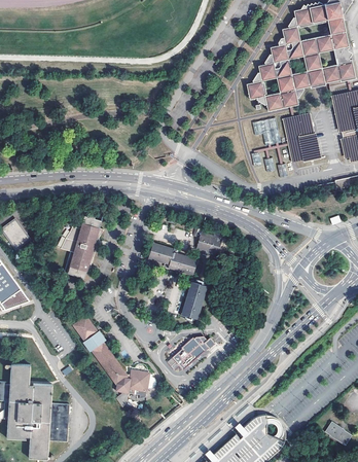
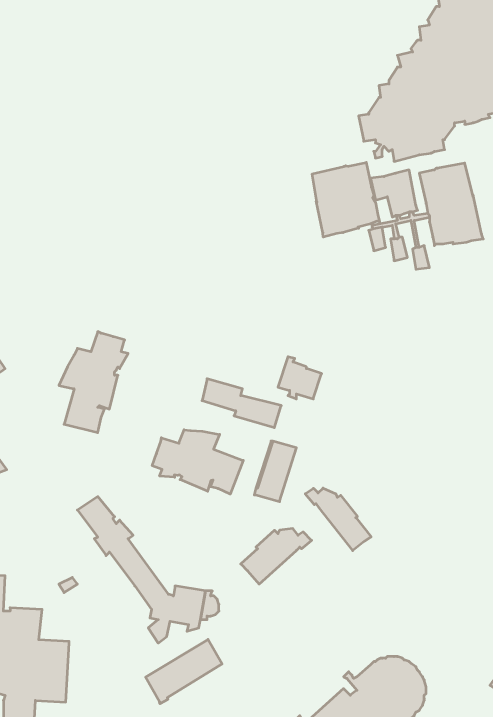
building: none -> [312,162,380,237]
building: none -> [152,430,243,494]
building: none -> [305,488,371,551]
building: none -> [146,639,222,704]

